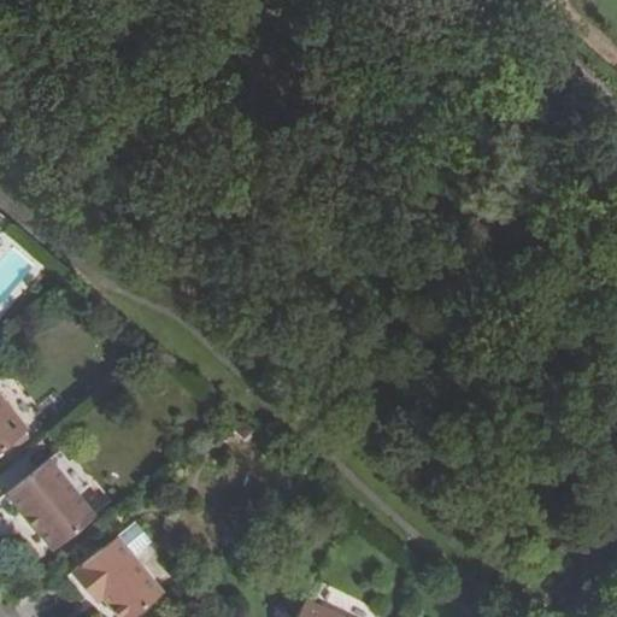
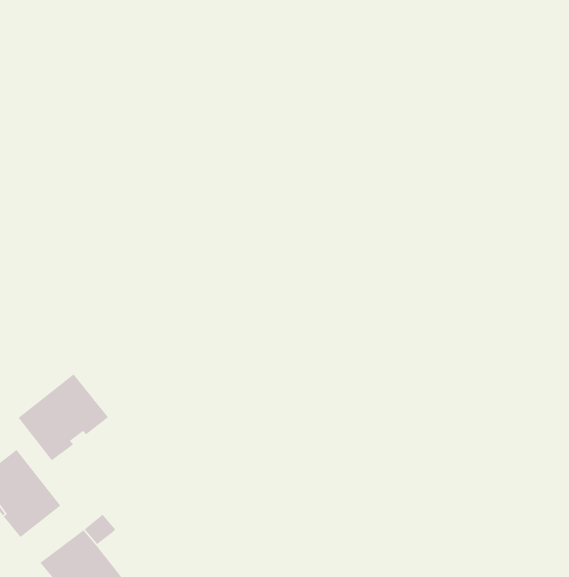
building: none -> [18,374,109,461]

